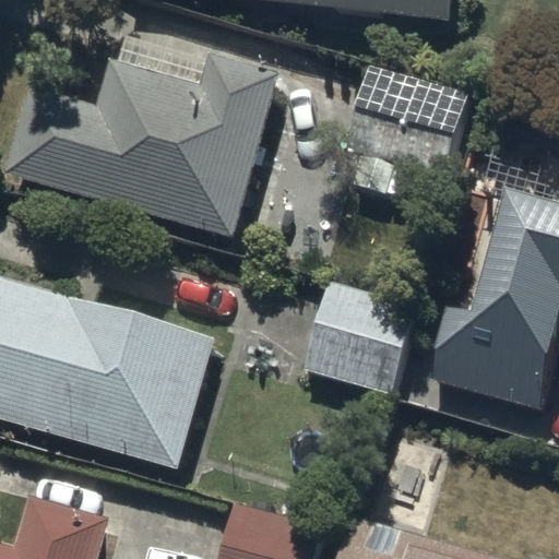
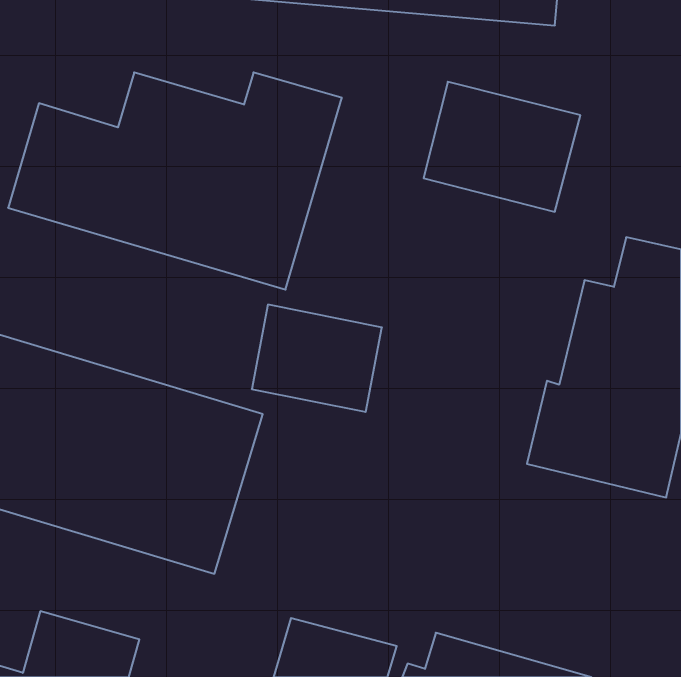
building: [305,302,411,390] -> [252,305,382,412]

